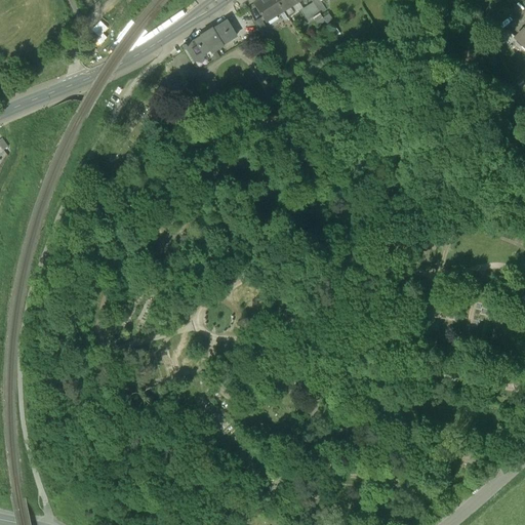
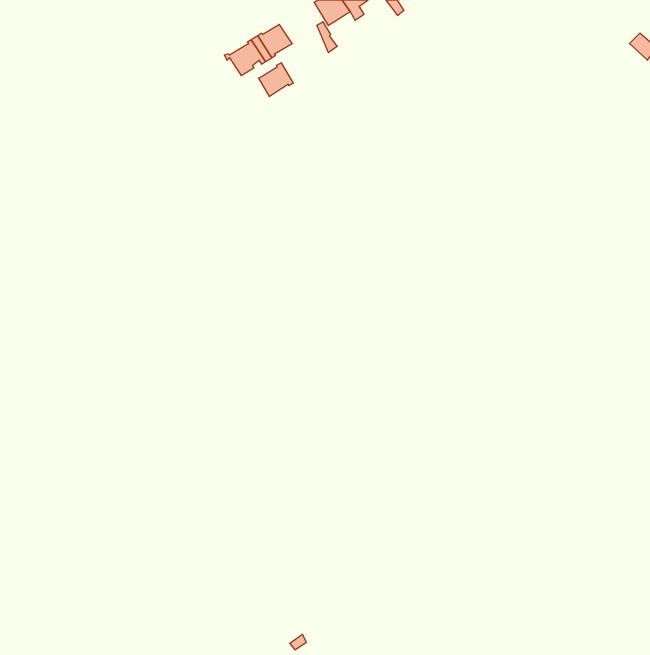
building: none -> [259,63,293,97]

